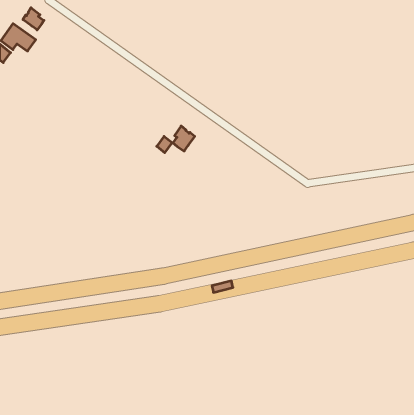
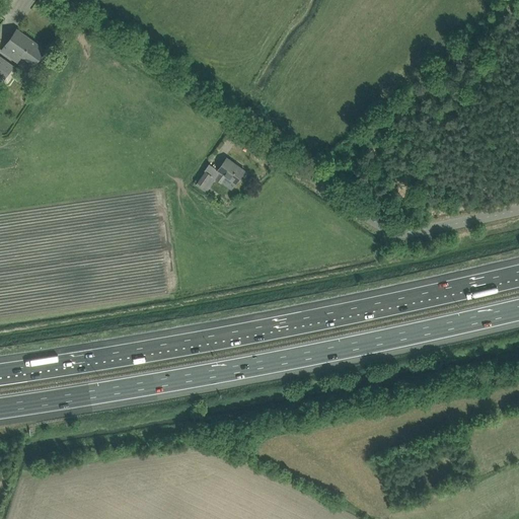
building: [23,8,44,30] -> none

